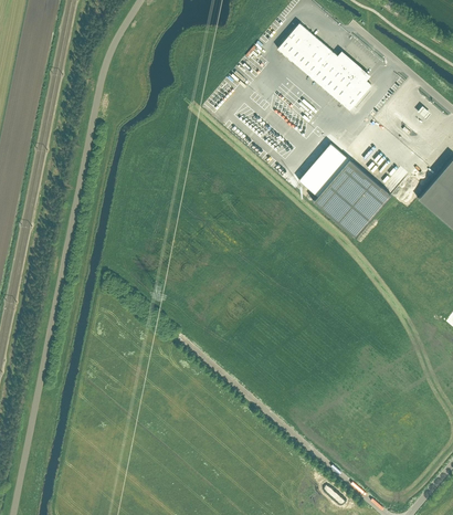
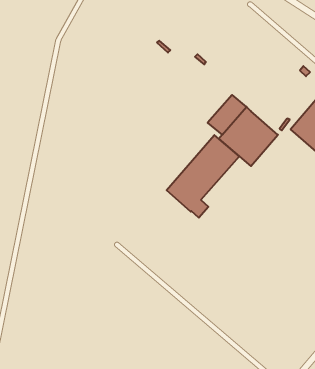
building: [280,25,373,113] -> none
building: none -> [167,135,239,218]

